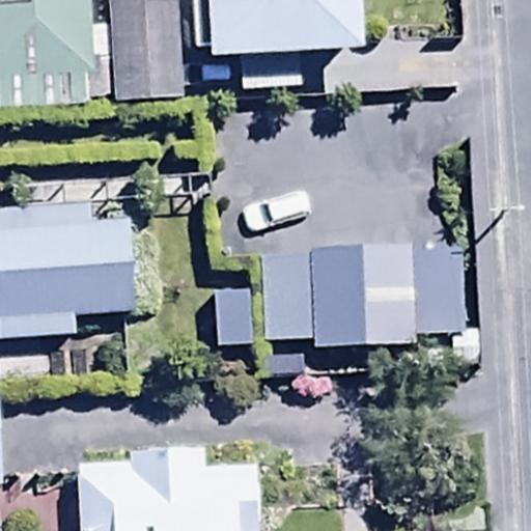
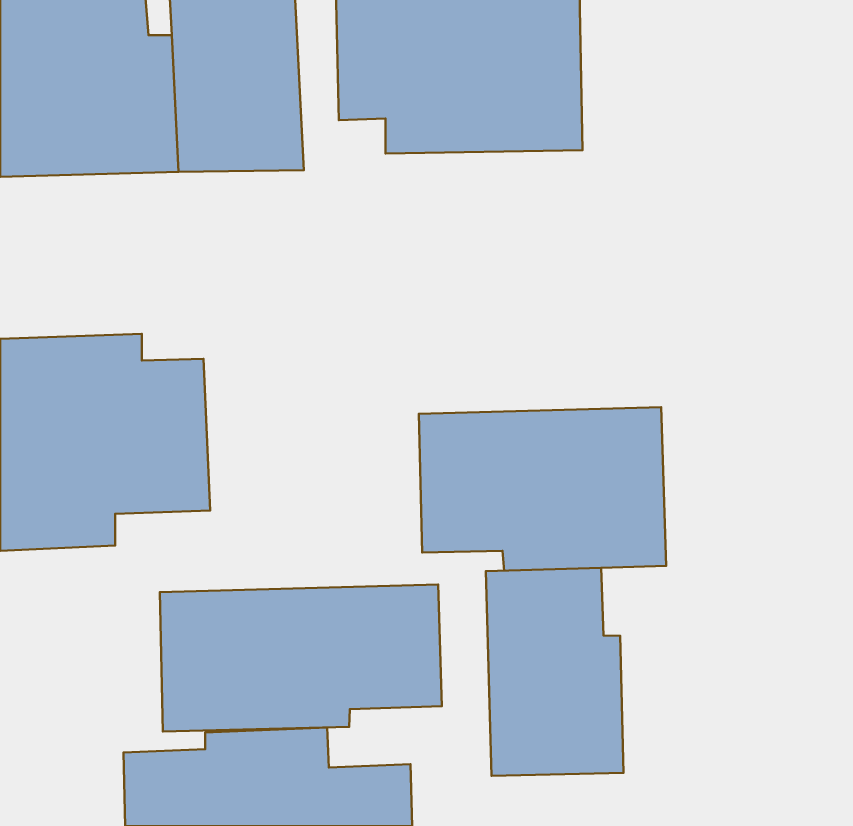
building: none -> [486,568,623,776]
building: none -> [160,585,442,732]

